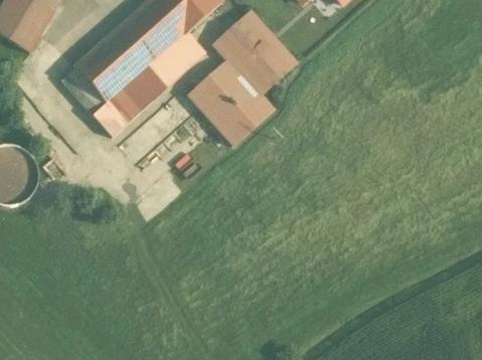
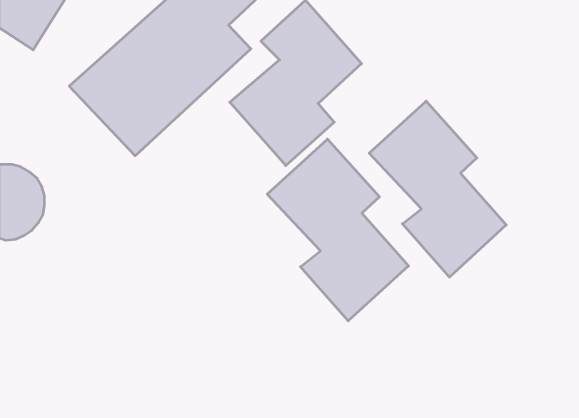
building: none -> [369,101,506,277]
building: none -> [267,139,409,321]

